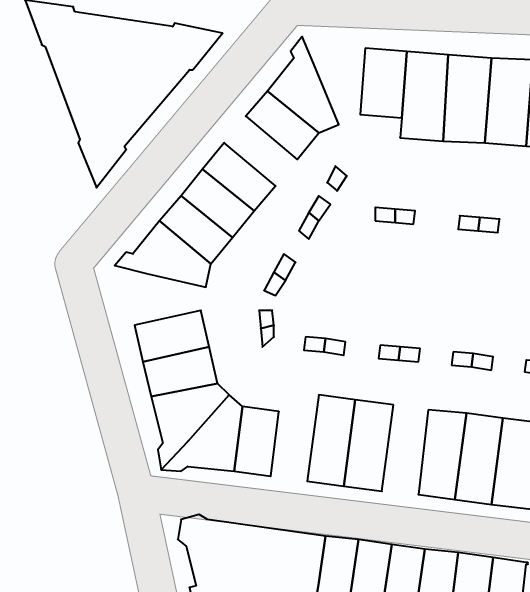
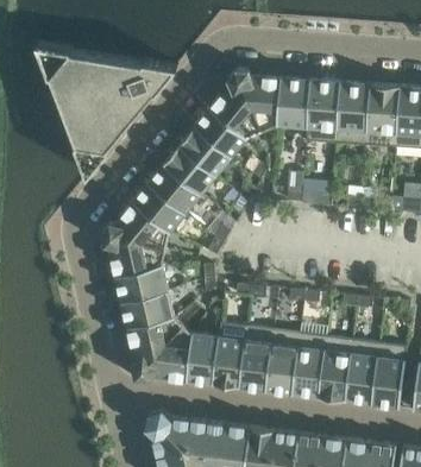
building: none -> [234,68,279,131]
building: none -> [178,125,231,175]
building: none -> [100,232,165,274]
building: none -> [212,321,246,386]
building: none -> [291,332,325,396]

